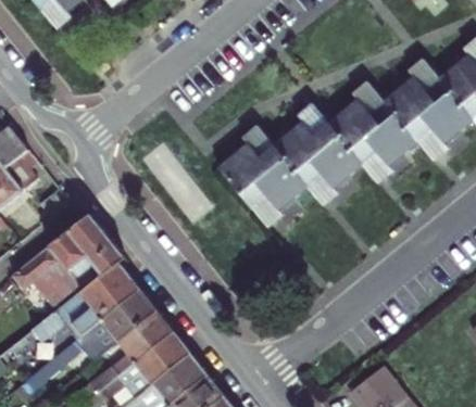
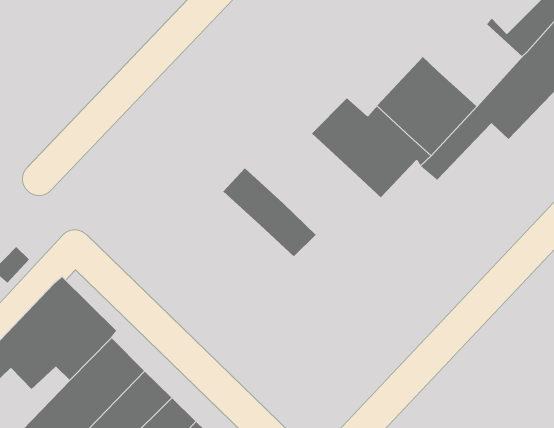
building: [379,71,441,129] -> none
building: [230,131,326,207] -> none

